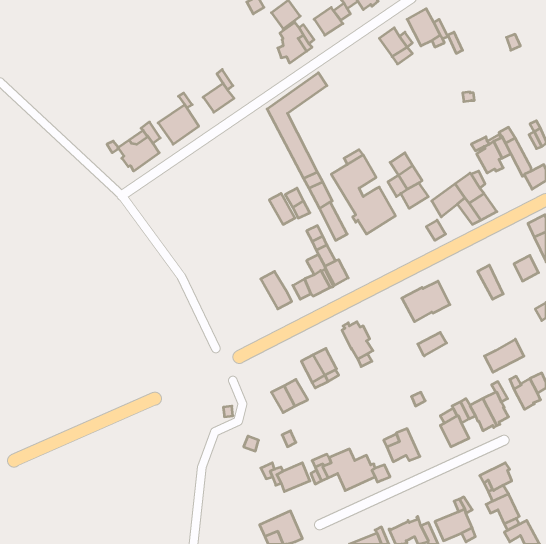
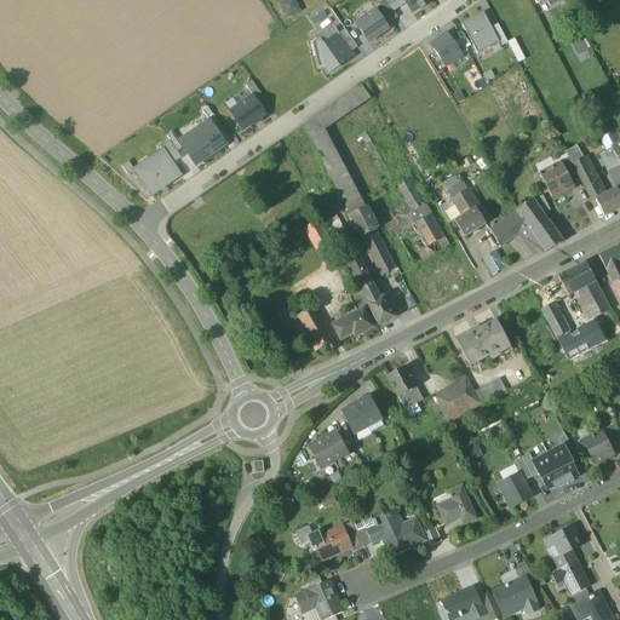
building: none -> [558,262,601,299]
building: none -> [435,375,480,419]
building: [484,339,524,372] -> [558,320,603,357]

